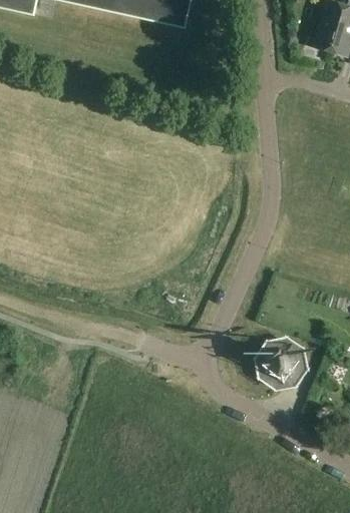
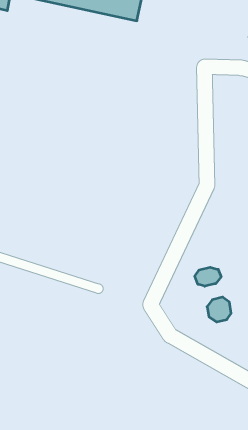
building: none -> [195,267,221,286]

